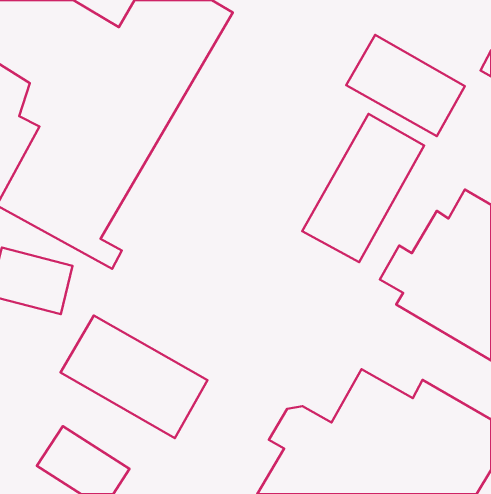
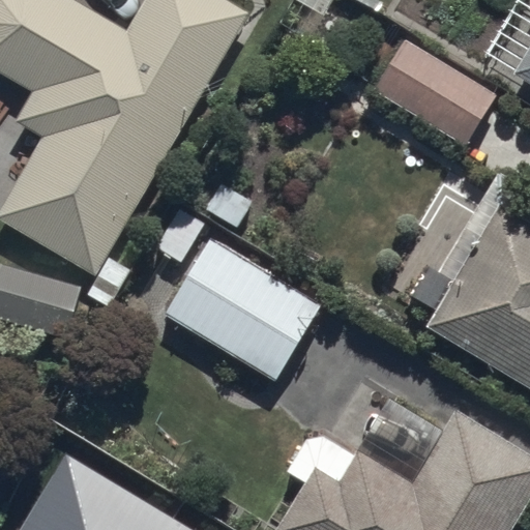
building: [302,114,424,262] -> none
building: none -> [161,239,319,379]
building: [61,315,207,438] -> none

